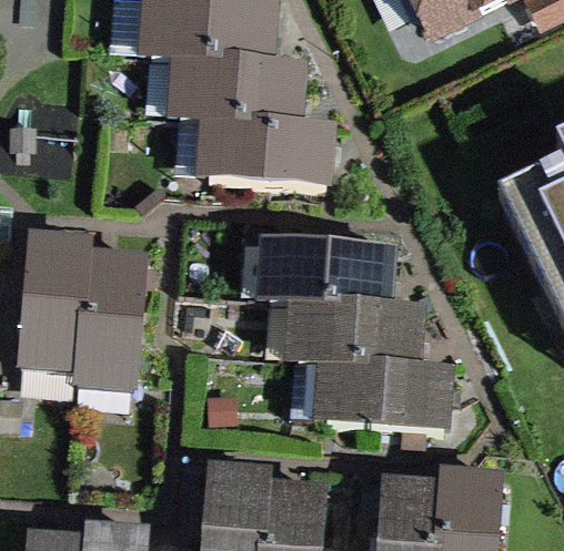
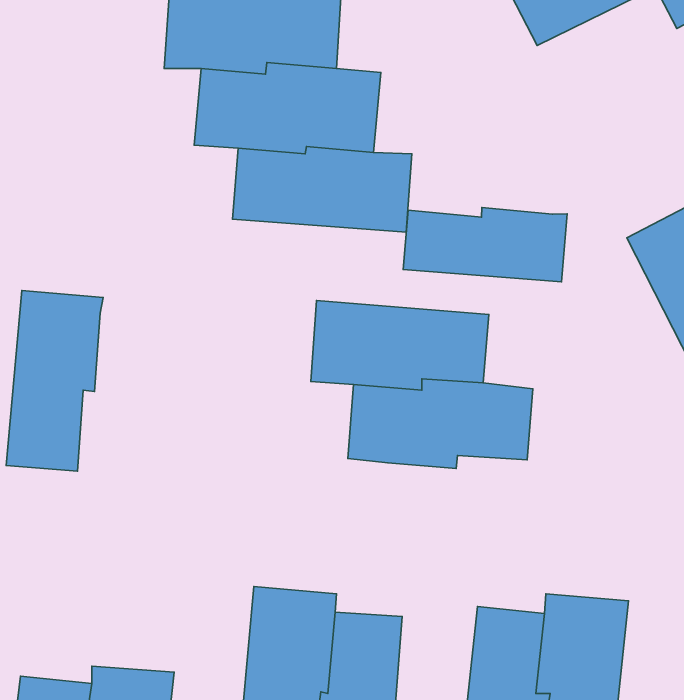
building: none -> [403,207,567,282]
building: [71,247,148,389] -> none
building: [310,358,457,429] -> none

